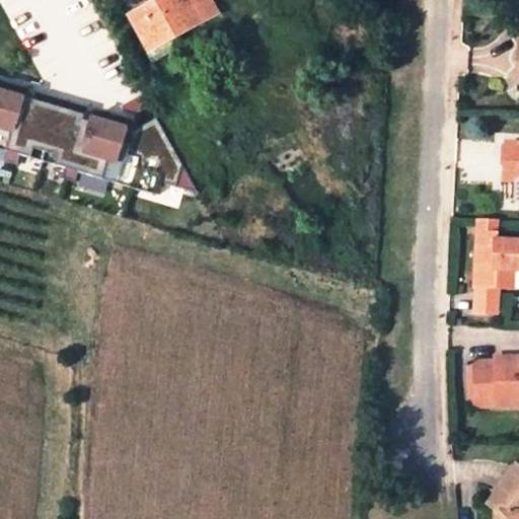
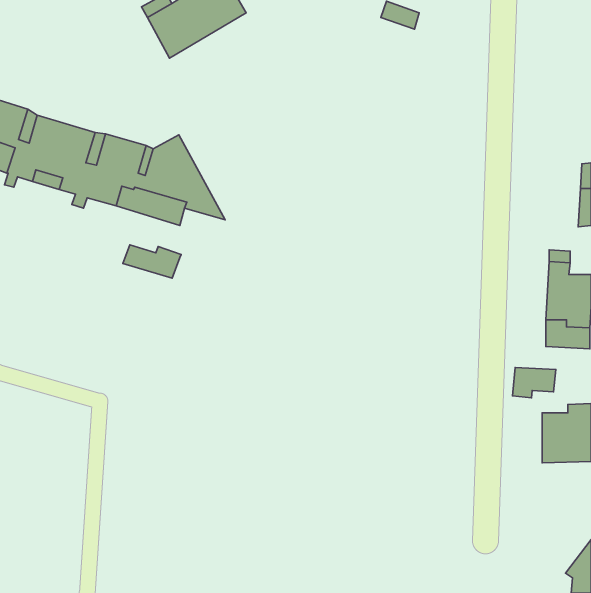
building: none -> [123,245,181,278]
building: none -> [512,367,556,398]

